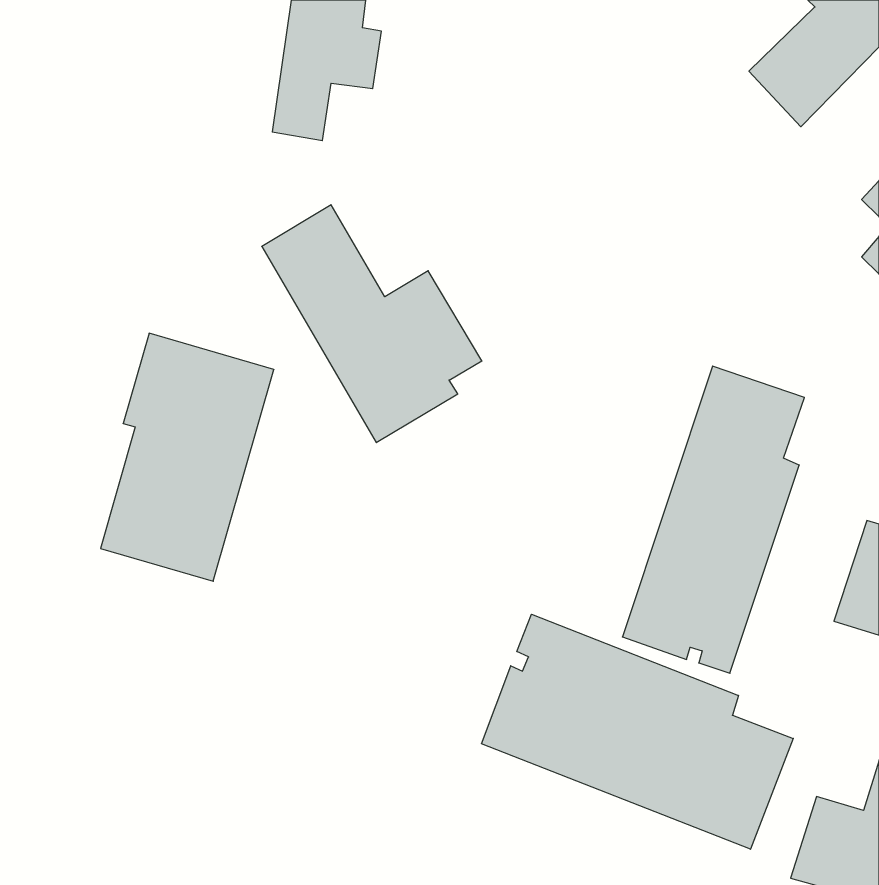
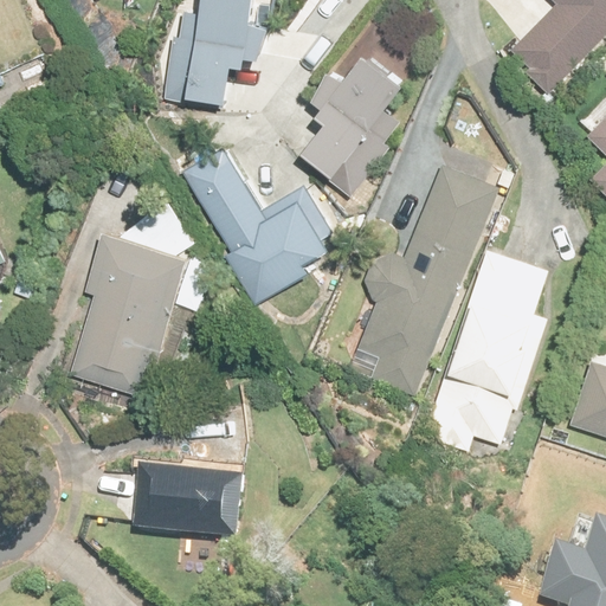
building: none -> [301,51,405,198]
building: none -> [360,162,498,393]
building: [482,614,793,849] -> none
building: none -> [135,468,240,537]

